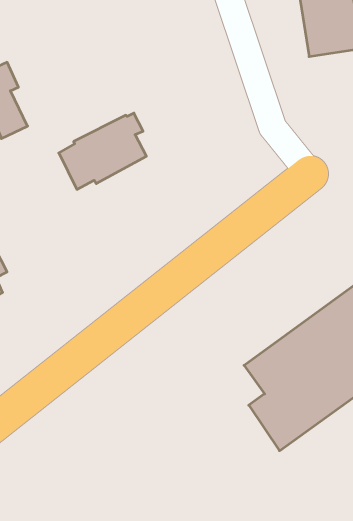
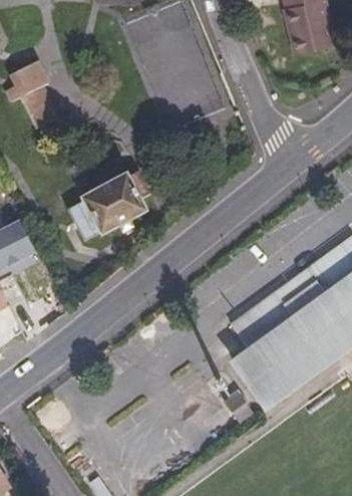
building: [59,113,146,189] -> [67,174,144,241]

